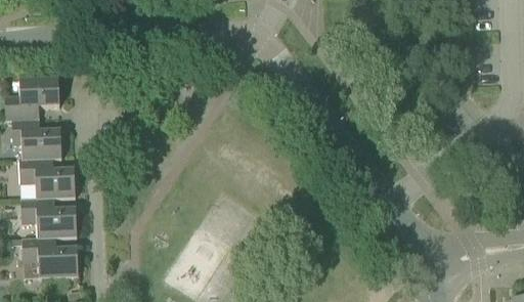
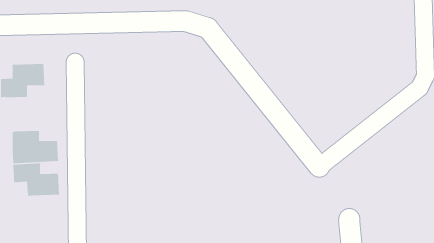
building: [10,119,60,159] -> none
building: [21,235,78,277] -> none

